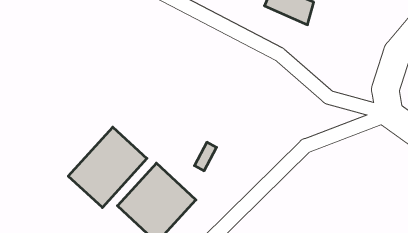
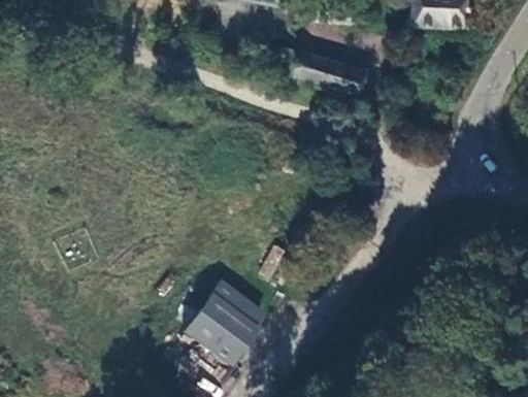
building: [68,127,147,208] -> none

